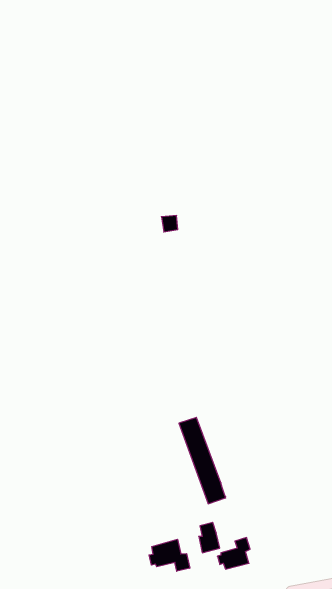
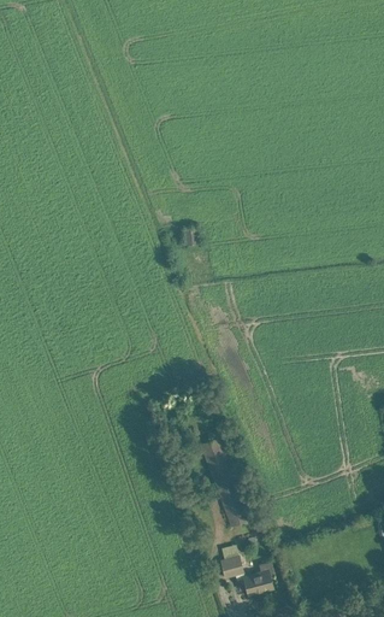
building: [149,539,190,571] -> none

